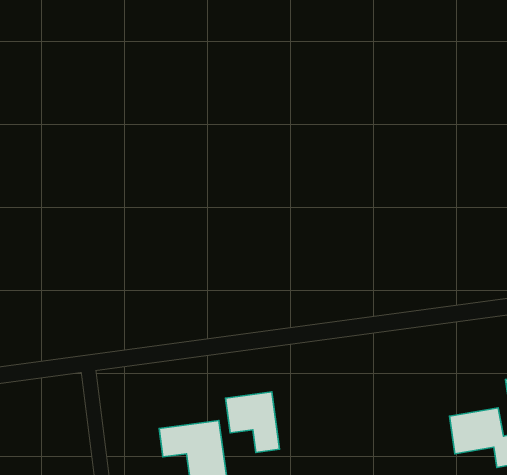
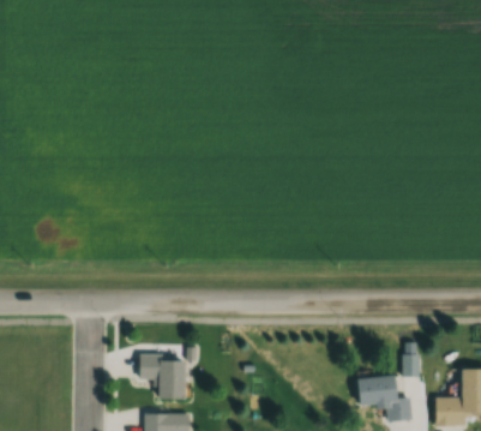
building: [225,392,280,453] -> none

